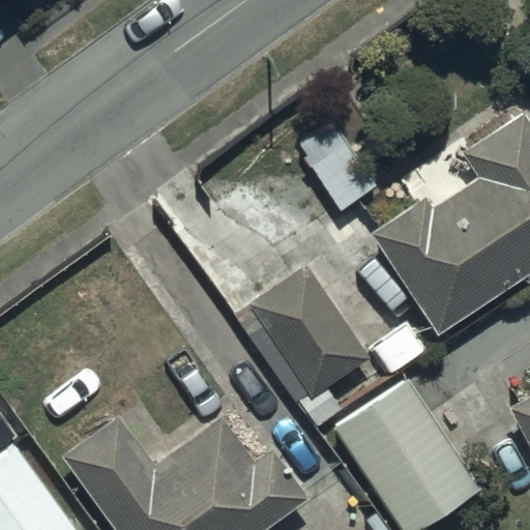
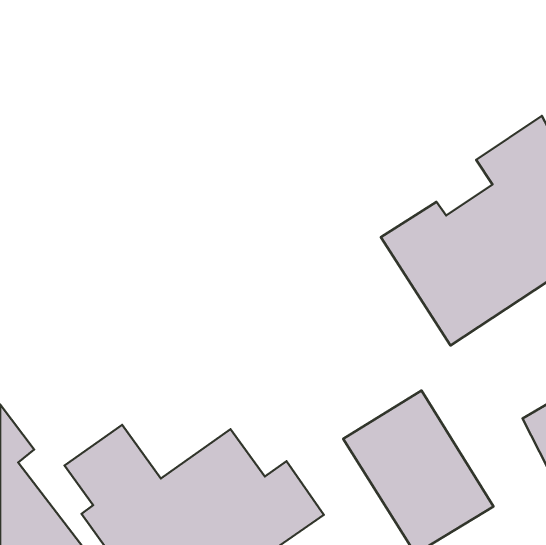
building: [249,267,369,399] -> none

